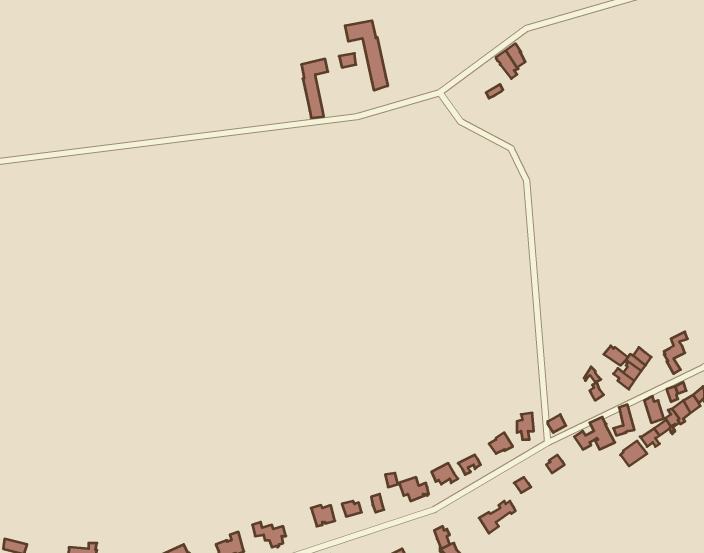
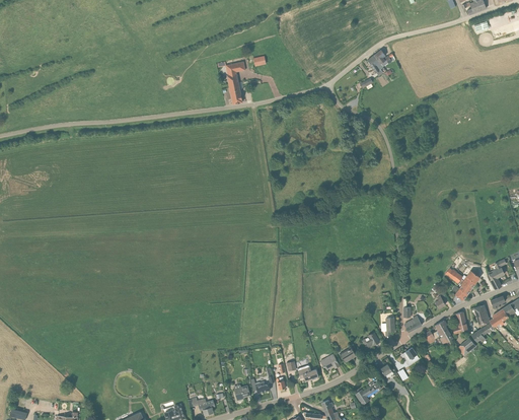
building: [345,21,388,90] -> none

